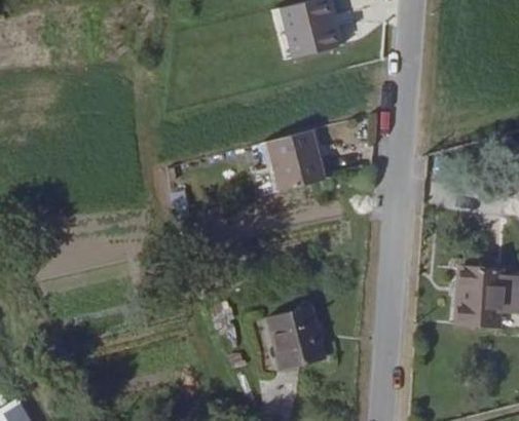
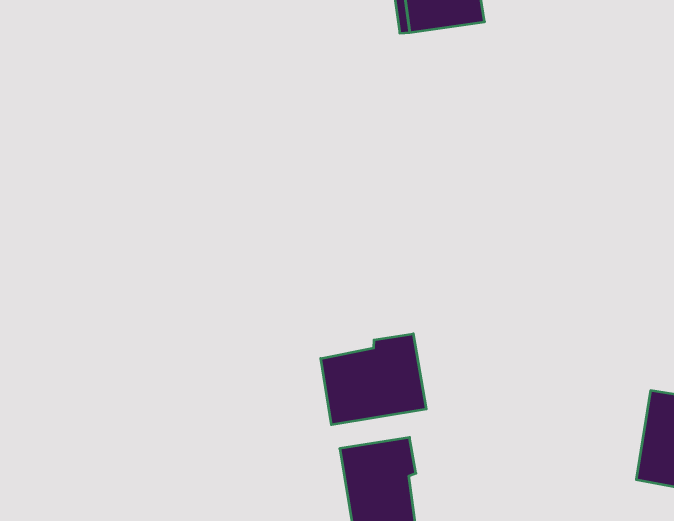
building: [272,135,330,194] -> none
building: none -> [321,334,426,425]

